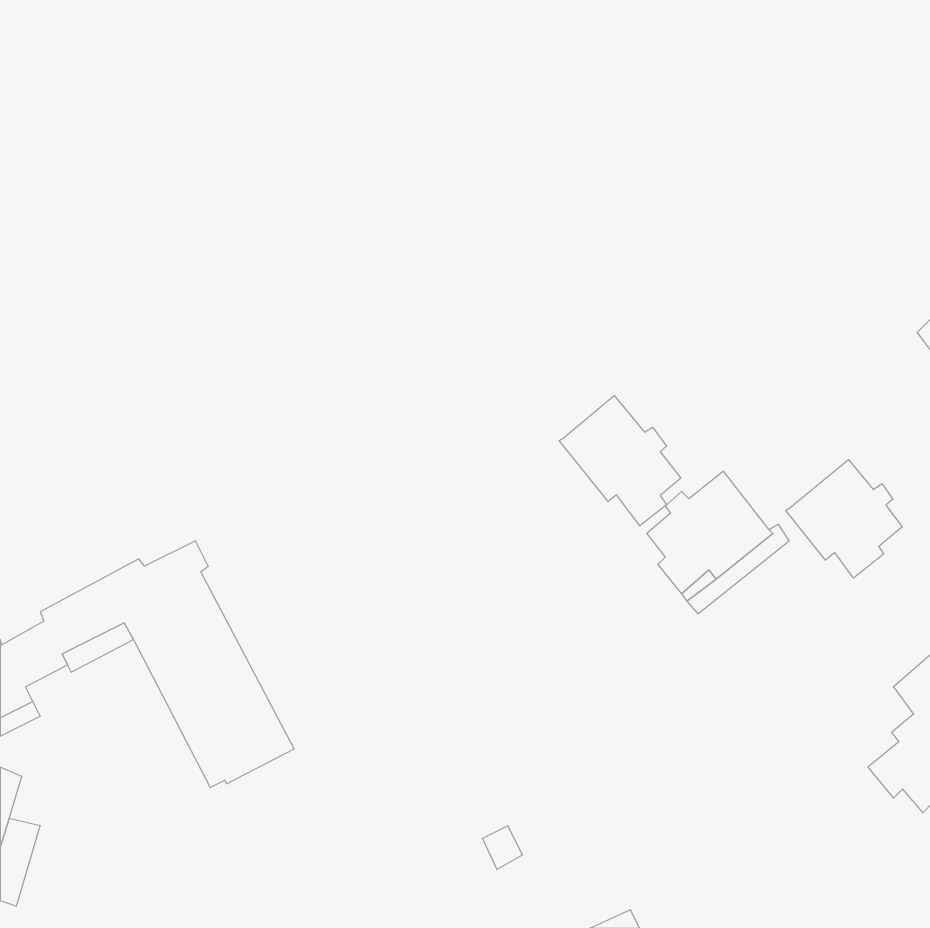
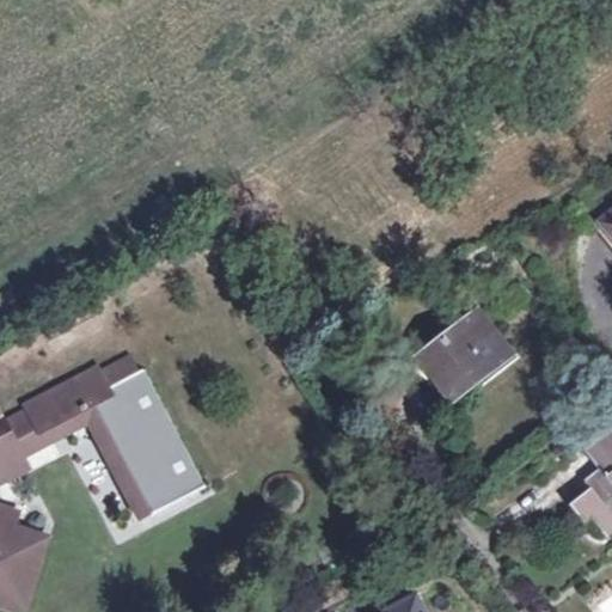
building: [559,395,681,526] -> none
building: [786,460,902,578] -> none

